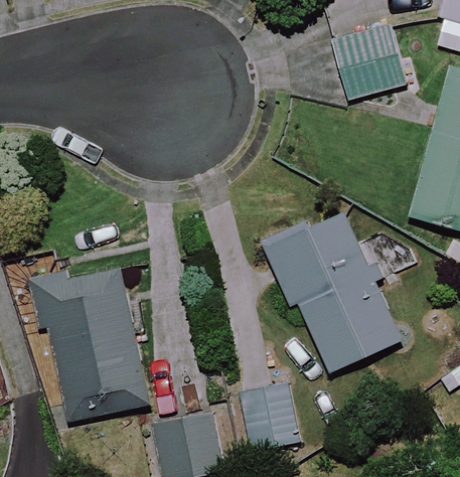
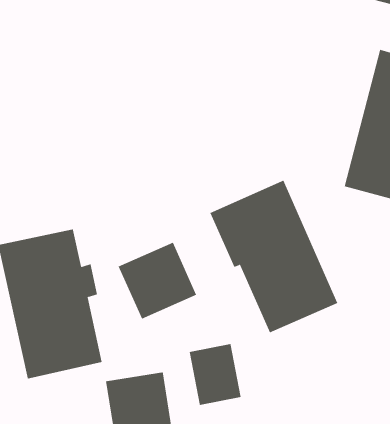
building: [331,24,410,101] -> none
building: none -> [118,242,197,320]

